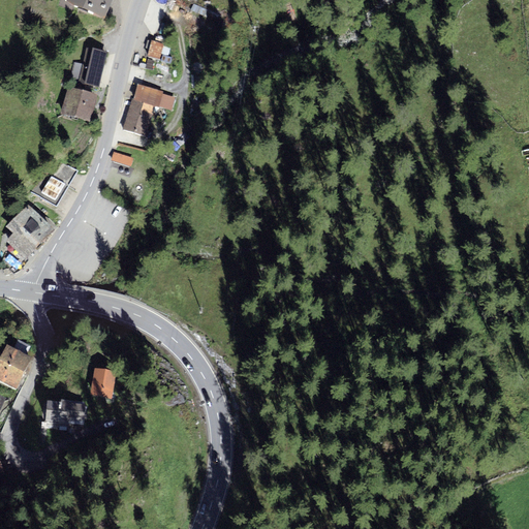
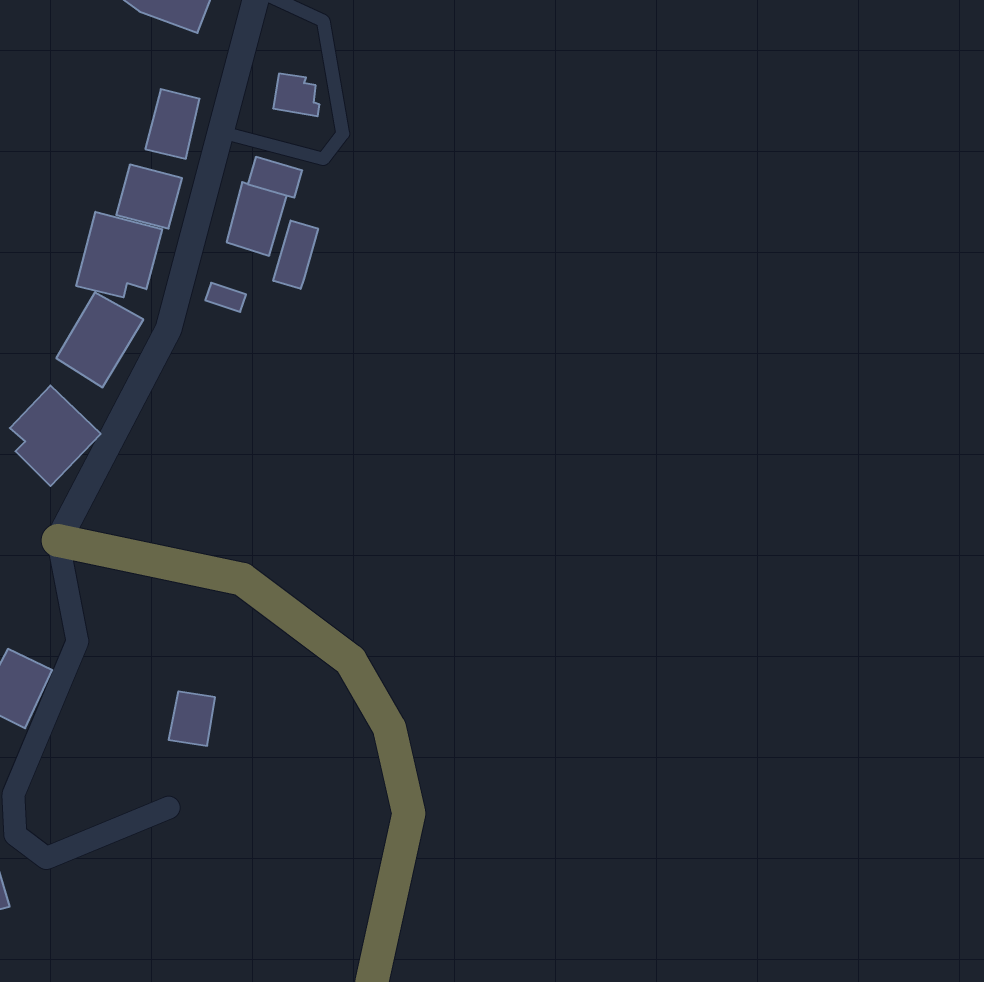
building: none -> [76,212,162,297]
building: none -> [273,220,318,289]
building: [43,399,82,422] -> none

